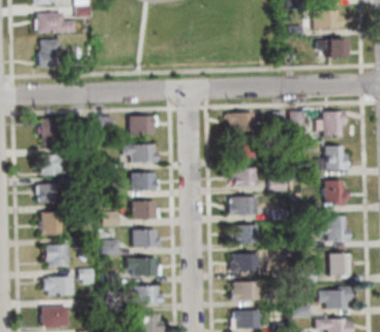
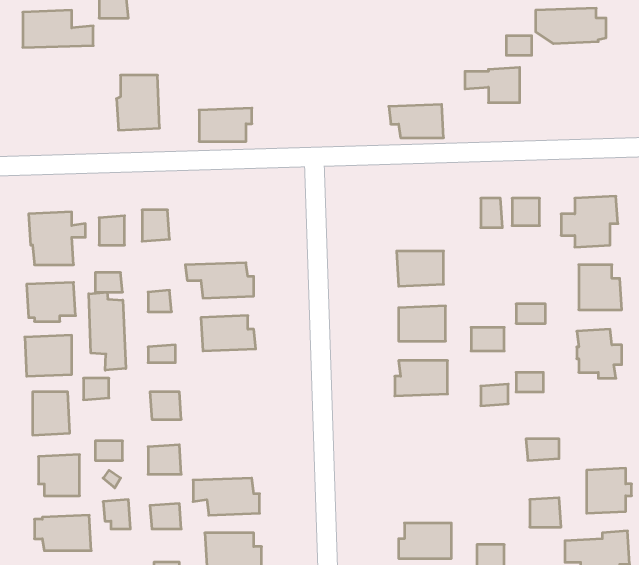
building: [38,39,60,68] -> [116,75,160,130]
building: [316,39,345,57] -> [465,67,520,103]
building: [228,112,257,129] -> [389,104,444,138]
building: [129,116,157,133] -> [199,108,252,141]
building: none -> [89,292,126,370]
building: [132,201,160,220] -> none
building: [321,215,352,241] -> none
building: [237,224,260,242] -> none
building: [132,230,161,248] -> none
building: [236,252,261,271] -> none

